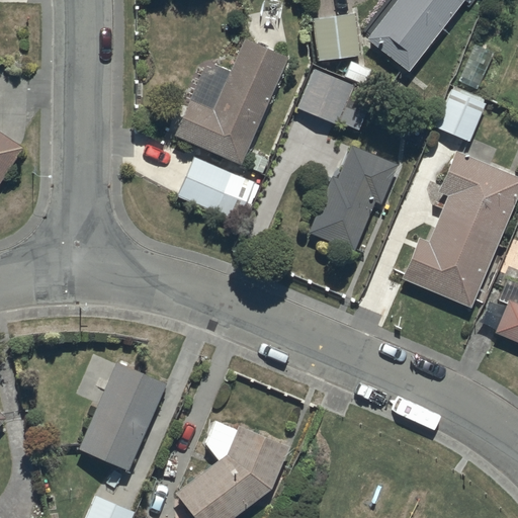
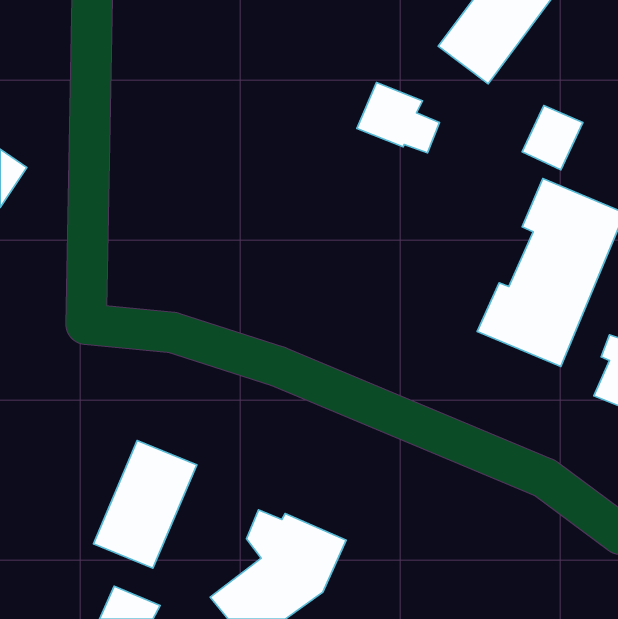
building: [315,13,361,58] -> none
building: [175,38,288,165] -> none
building: [311,143,400,248] -> none
building: [174,154,258,222] -> none

